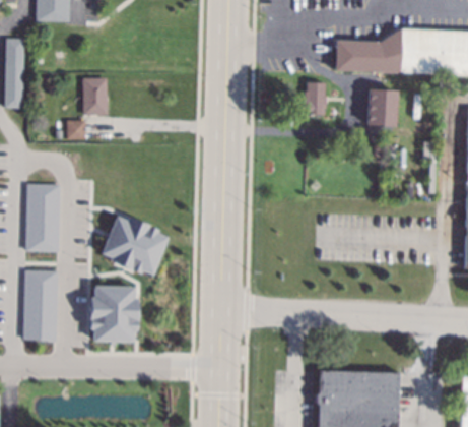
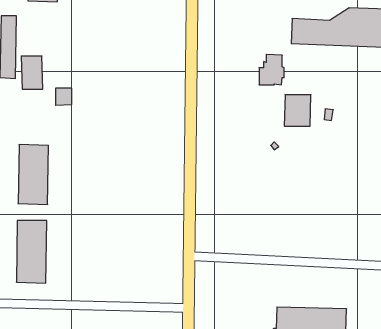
building: [83,77,108,115] -> [21,56,43,89]
building: [366,89,397,125] -> [284,95,311,126]
building: [101,215,169,278] -> none
building: [91,286,137,343] -> none

